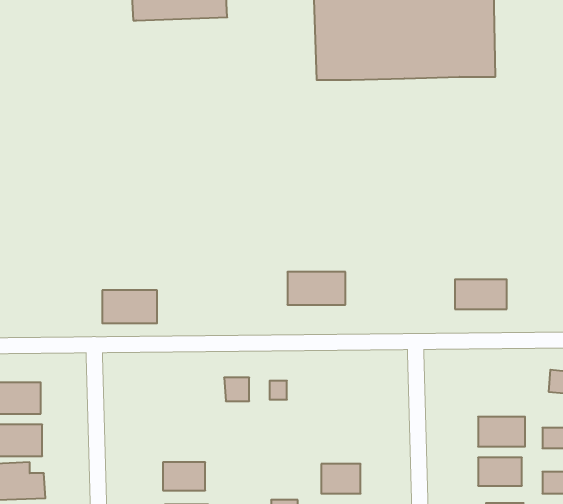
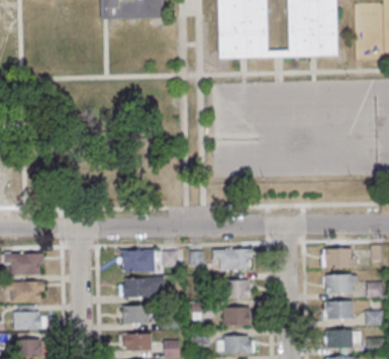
building: [287,272,345,305] -> [213,248,251,269]
building: [455,279,507,309] -> [321,248,355,267]
building: [102,290,157,323] -> [119,250,155,271]
building: none -> [122,277,163,296]
building: none -> [225,279,249,297]

